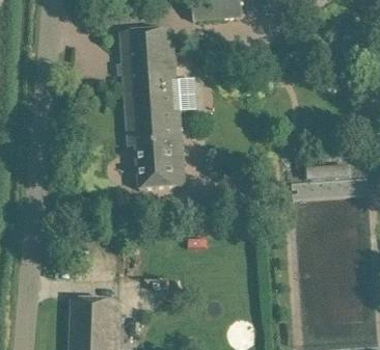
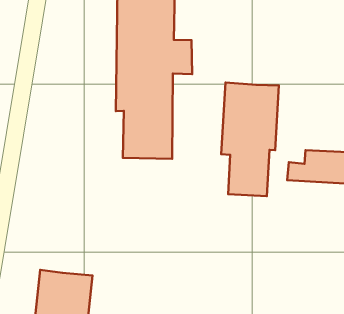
building: none -> [221,82,279,196]

